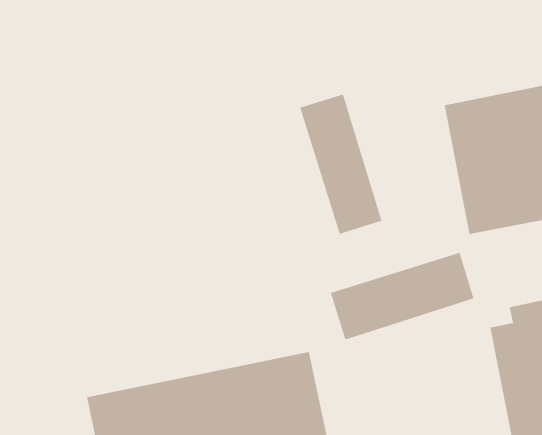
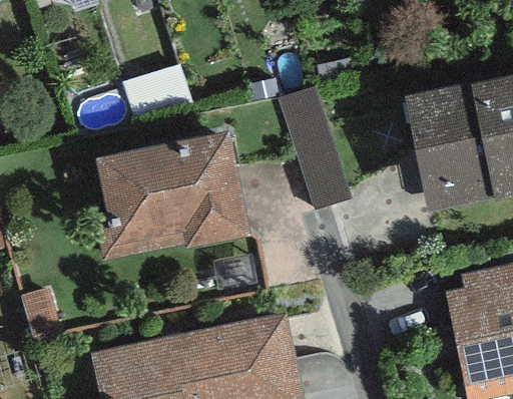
building: none -> [97,132,247,260]
building: [330,252,475,341] -> none

